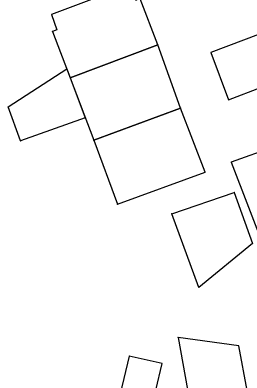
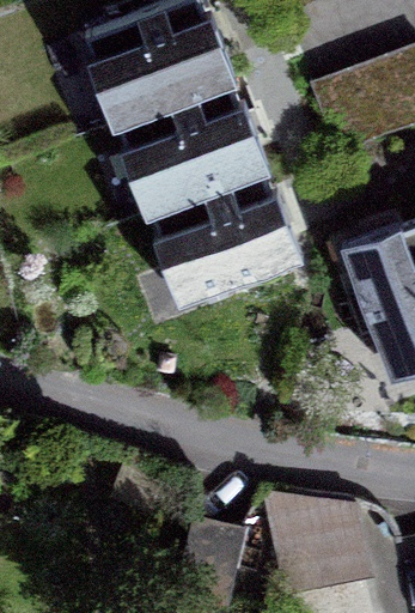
building: [8,69,85,141] -> none
building: [172,192,253,287] -> none

